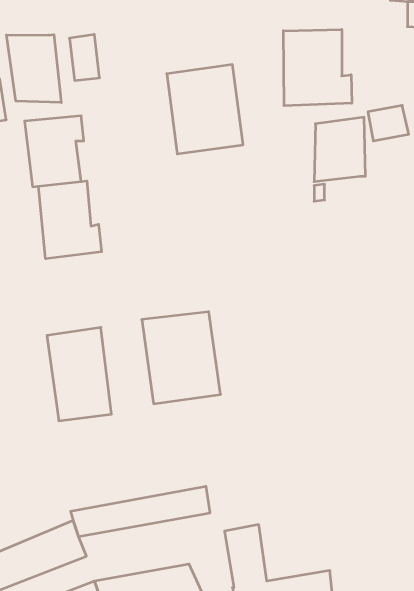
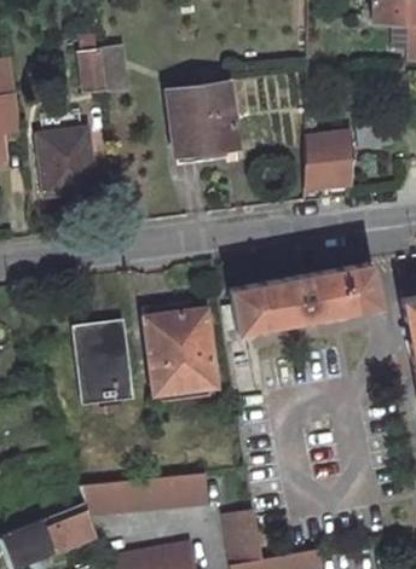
building: [283,29,352,106] -> none
building: [6,35,61,103] -> none
building: [38,181,102,259] -> none
building: none -> [232,263,380,331]

